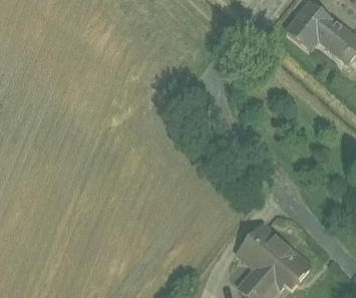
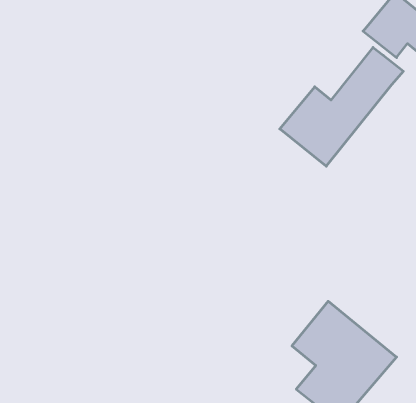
building: none -> [280,47,403,166]

